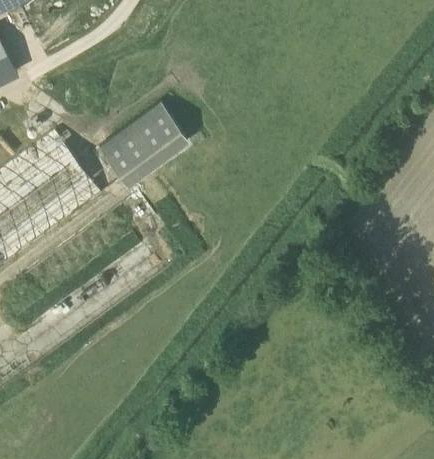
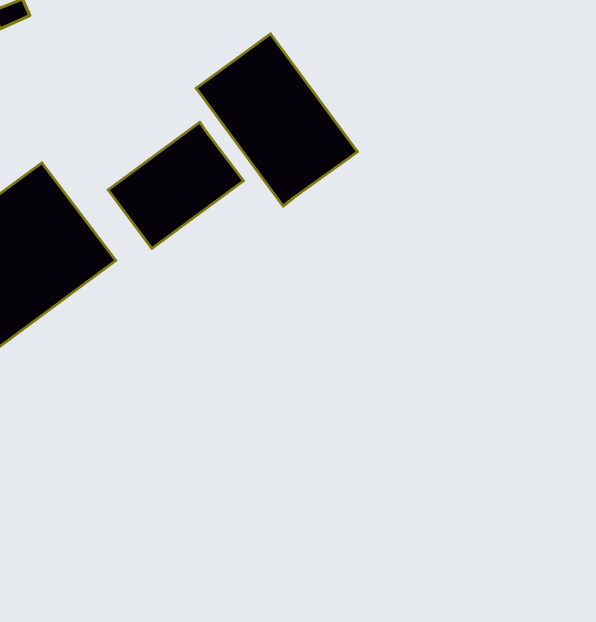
building: none -> [196,34,358,206]

